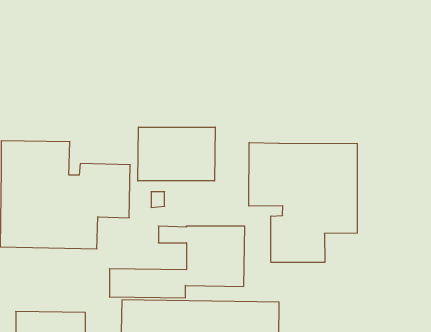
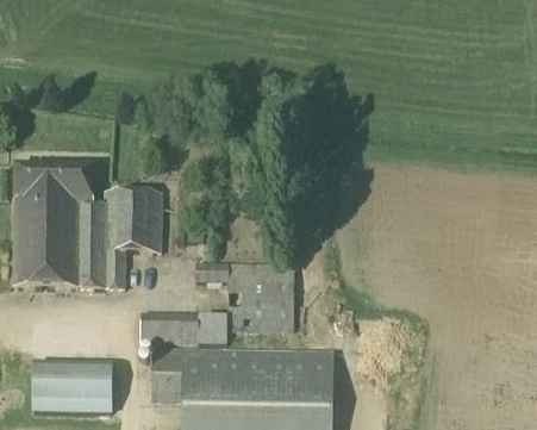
building: [138,127,215,181] -> none
building: [249,142,357,262] -> none

